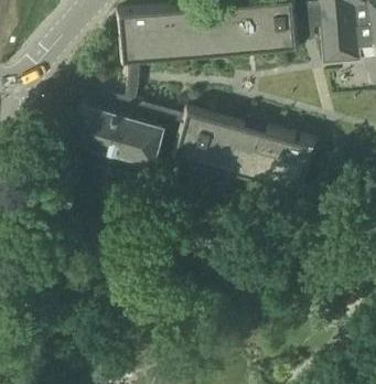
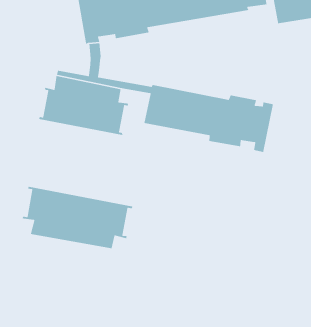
building: none -> [21,186,134,249]

